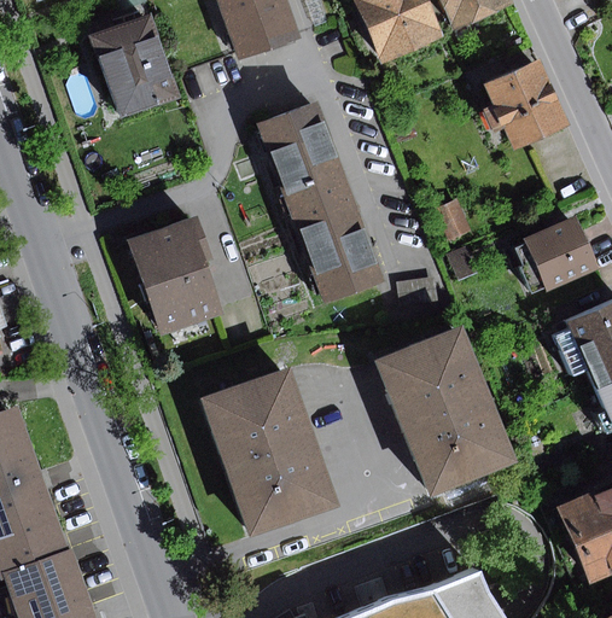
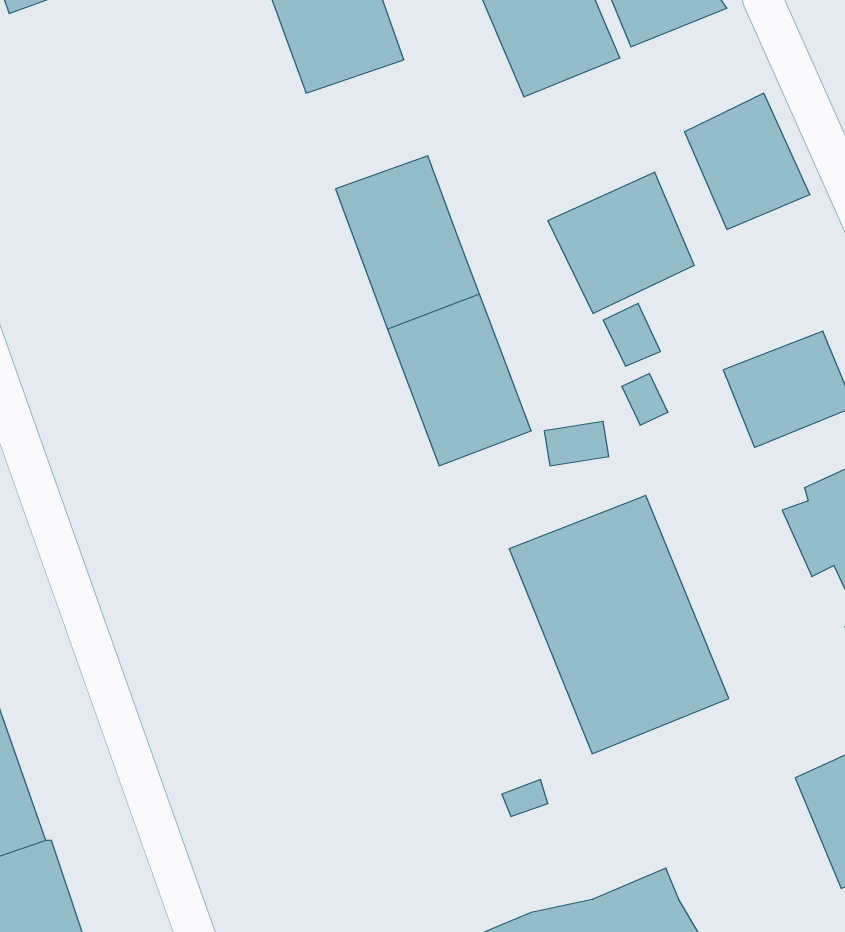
building: [80,13,190,130] -> none
building: none -> [548,172,694,314]
building: [128,215,226,334] -> none
building: [198,367,337,535] -> none

